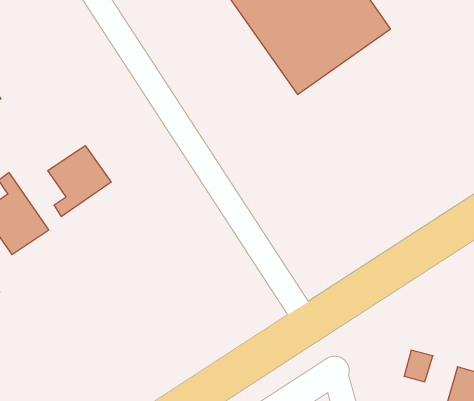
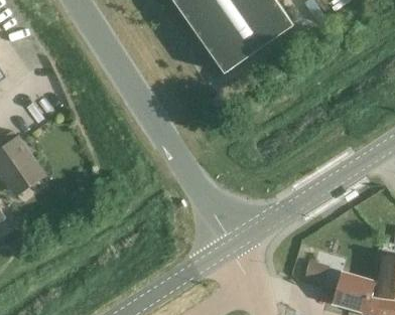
building: [48,146,111,217] -> none

